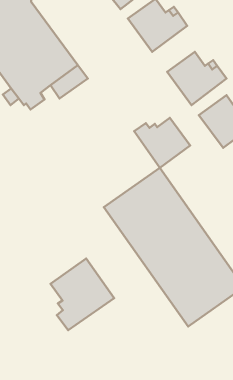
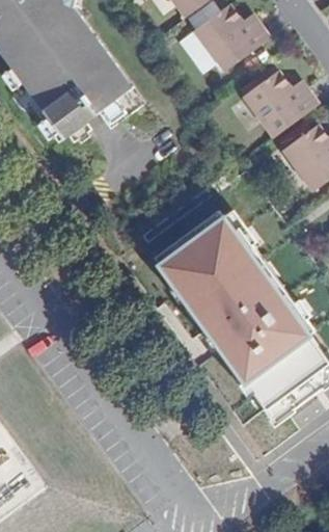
building: [134,118,190,168] -> none
building: [50,259,114,330] -> none

